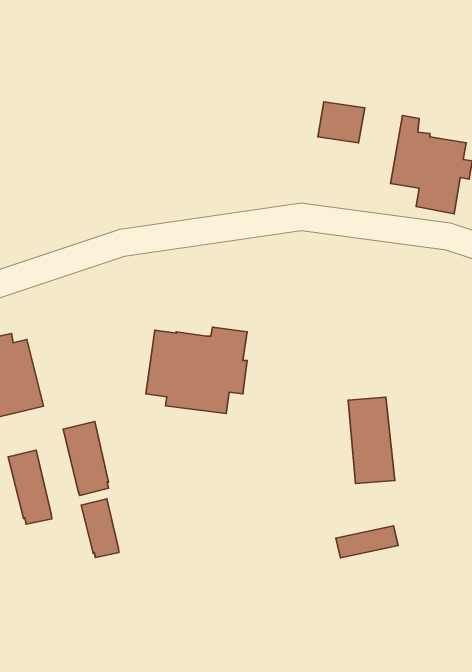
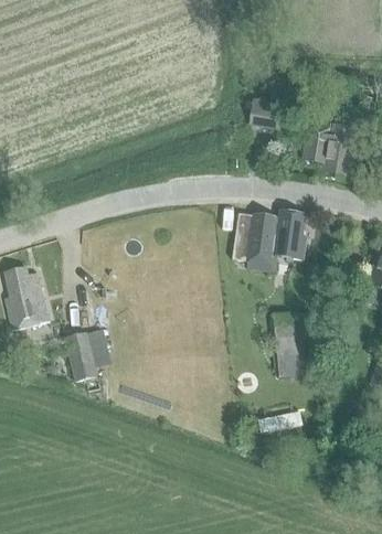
building: [146,327,247,414] -> [232,210,306,273]
building: [8,450,52,524] -> none
building: [81,499,119,557] -> none

